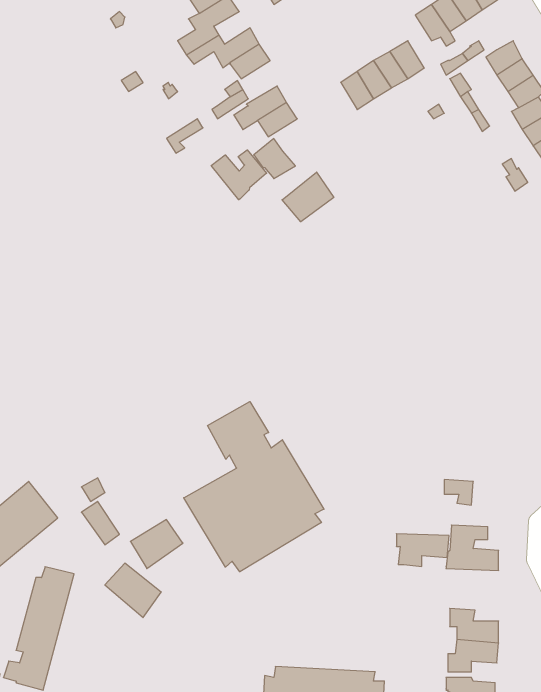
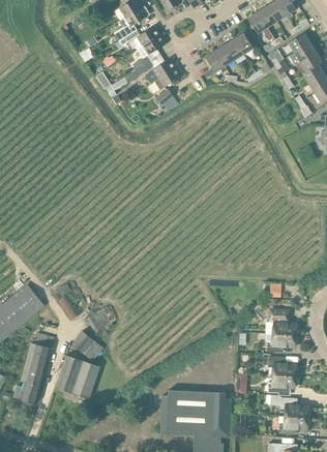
building: [211,150,267,200] -> none
building: [282,172,334,222] -> none
building: [184,402,324,572] -> none
building: [396,534,449,566] -> [266,334,296,353]
building: none -> [56,356,99,398]

